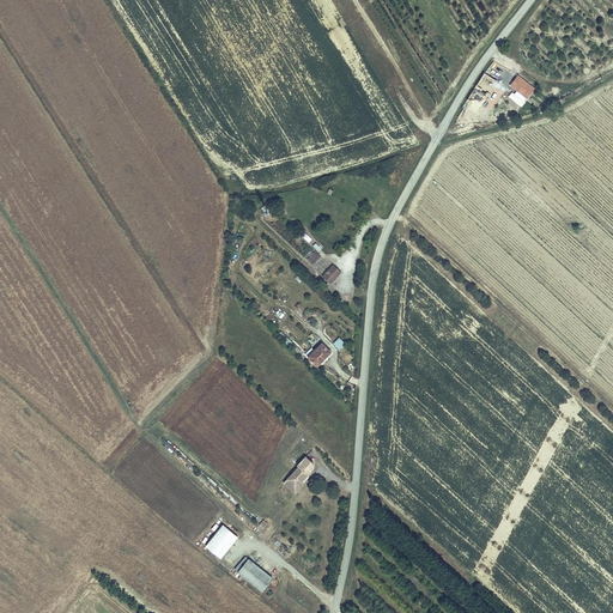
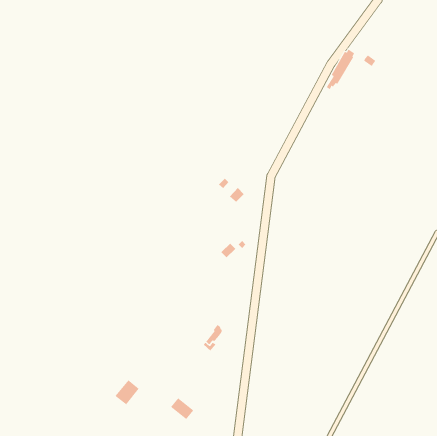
building: [204,523,238,559] -> [115,379,139,405]

